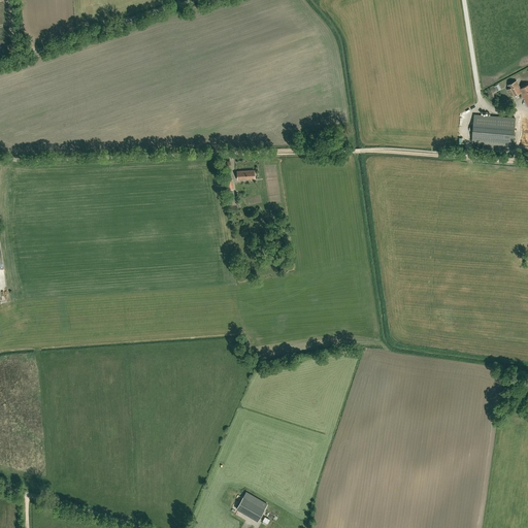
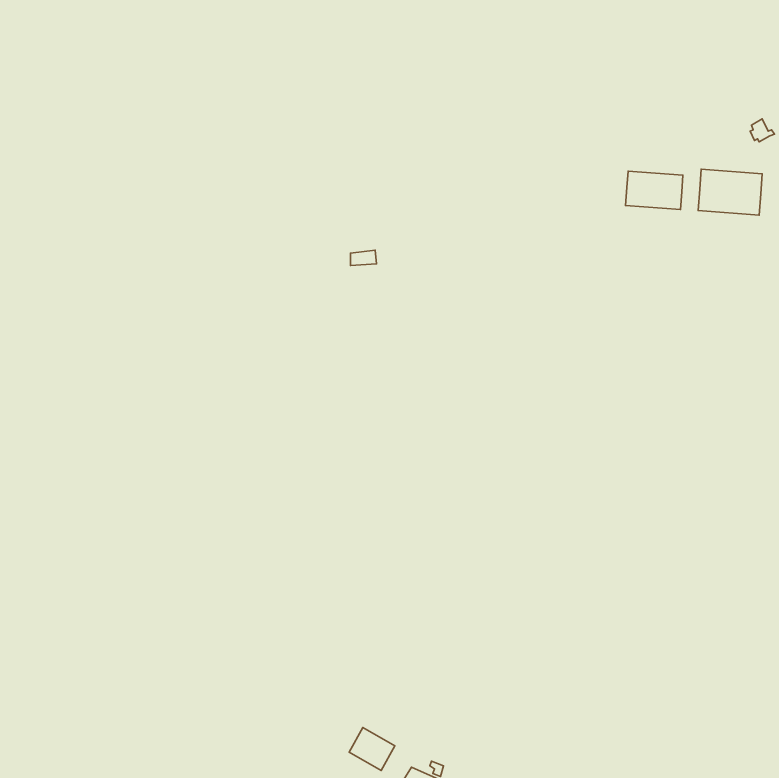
building: none -> [625,171,683,209]

